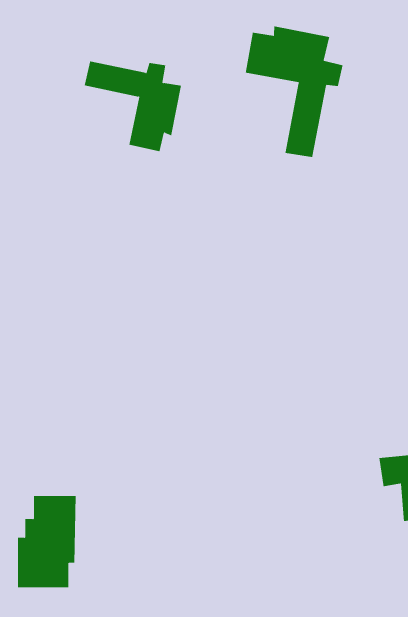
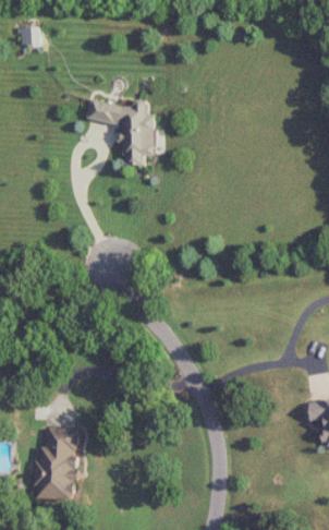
building: [245,25,343,158] -> none

